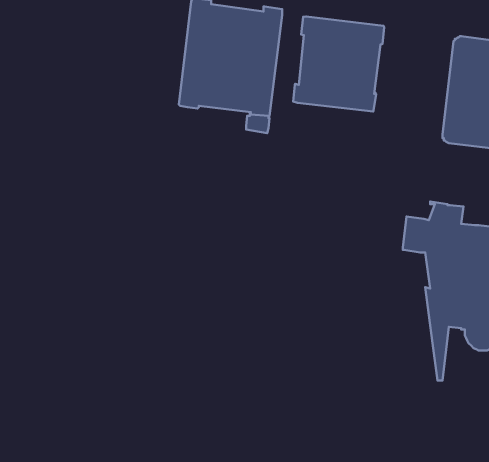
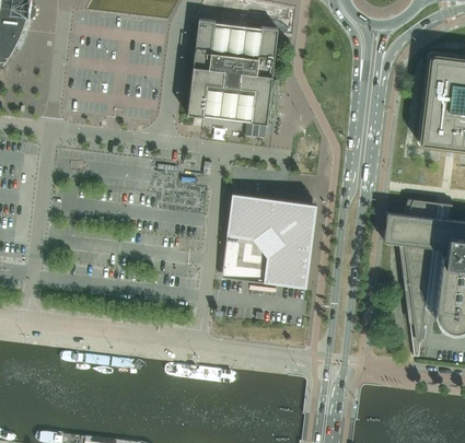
building: [293,16,384,112] -> none
building: none -> [221,194,316,289]

